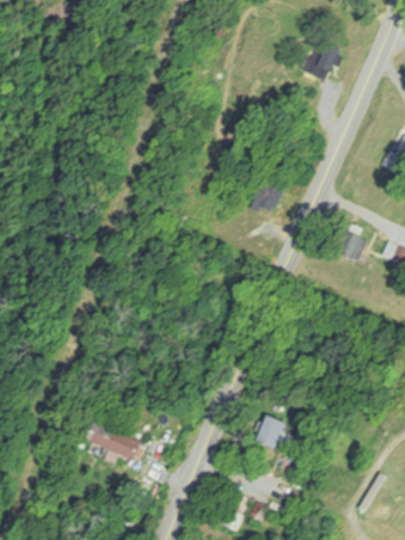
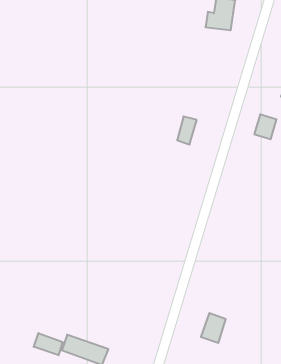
building: [337,229,366,260] -> [254,114,277,139]
building: none -> [34,333,63,355]

